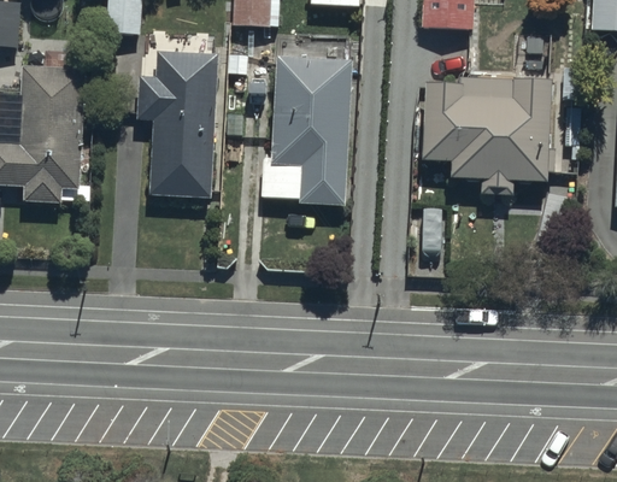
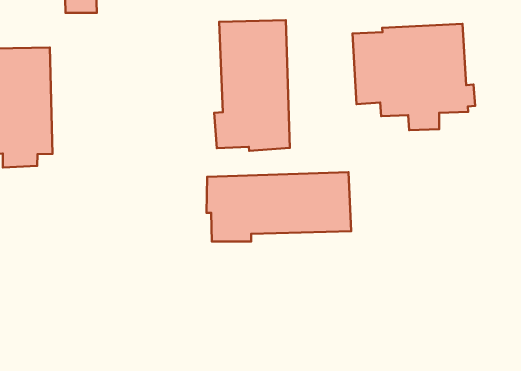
building: [139,49,217,195] -> none
building: none -> [206,172,351,241]

